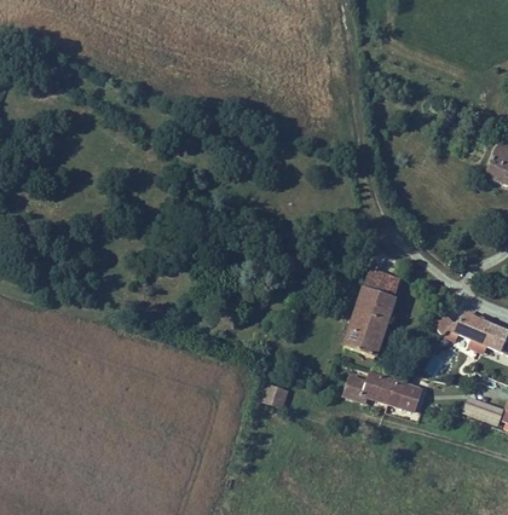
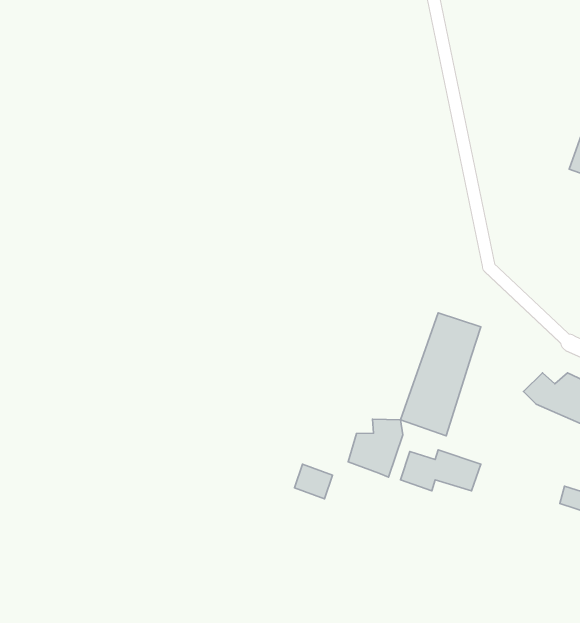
building: none -> [348,419,403,477]
building: [394,383,425,411] -> none

